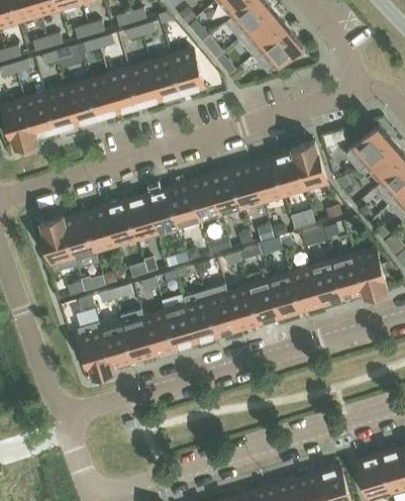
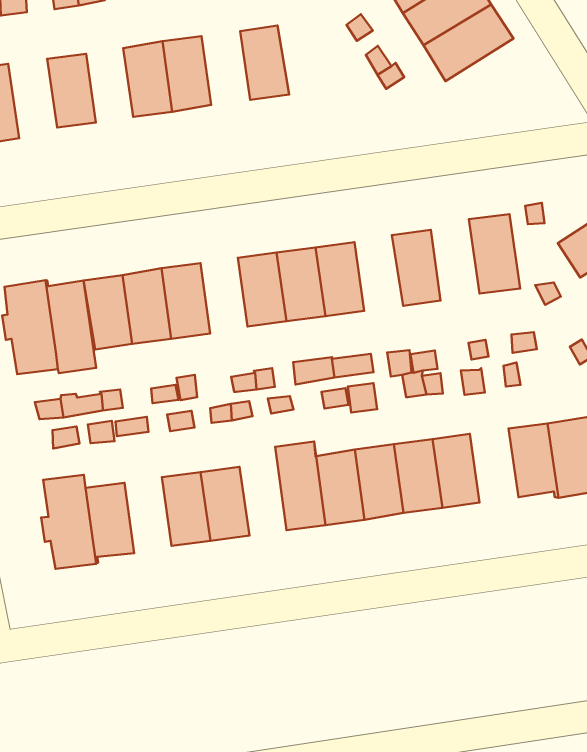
building: [170,49,203,93] -> none
building: [128,62,161,105] -> none
building: [66,81,97,124] -> none
building: [23,93,56,139] -> none
building: [272,147,304,195] -> none
building: [230,163,263,207] -> none
building: [146,188,178,232] -> none
building: [310,261,342,304] -> none
building: [183,290,216,341] -> none
building: [119,309,154,361] -> none

